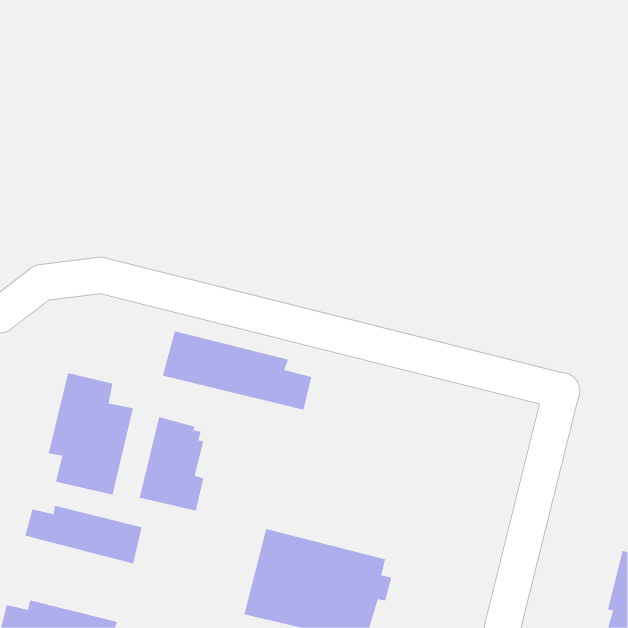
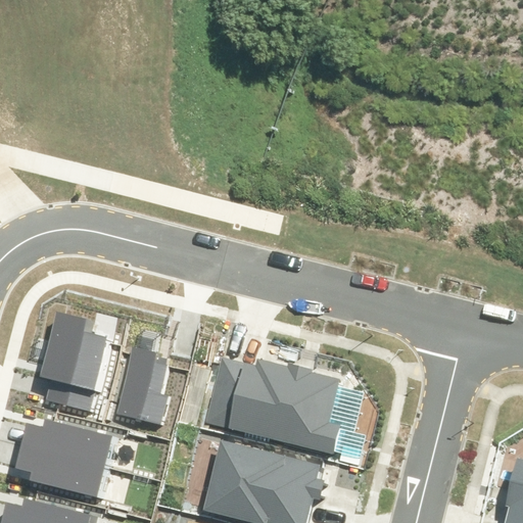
building: [162,331,312,411] -> none
building: none -> [205,358,341,456]
building: none -> [15,445,111,498]

